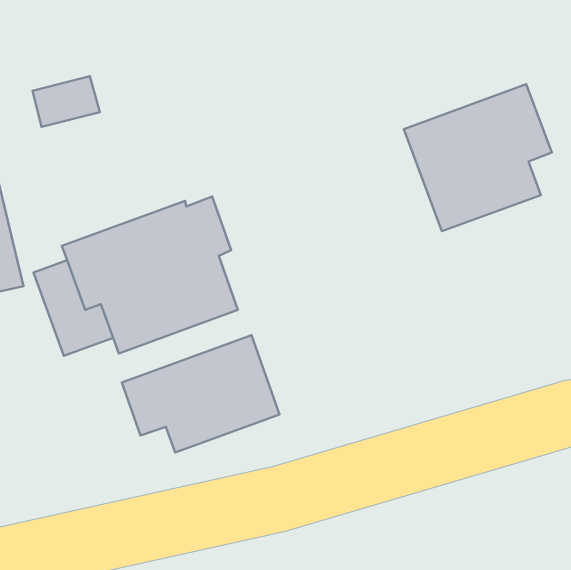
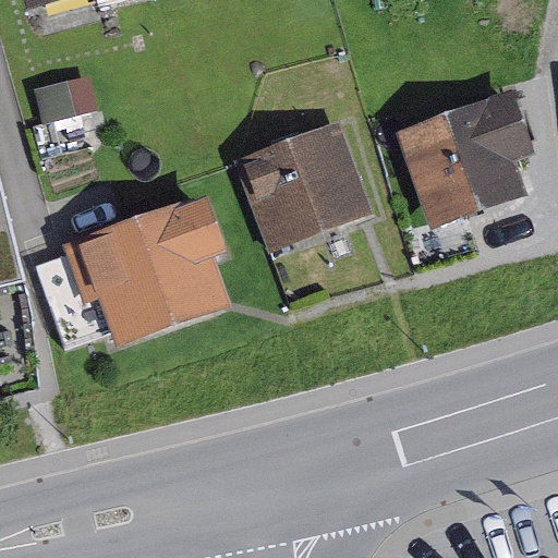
building: none -> [233,122,373,255]
building: [122,335,279,453] -> none

